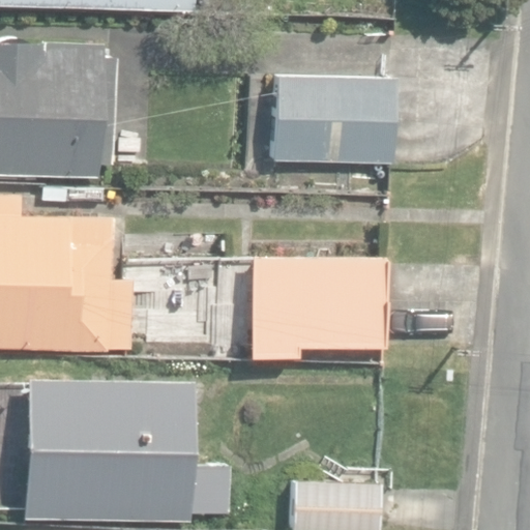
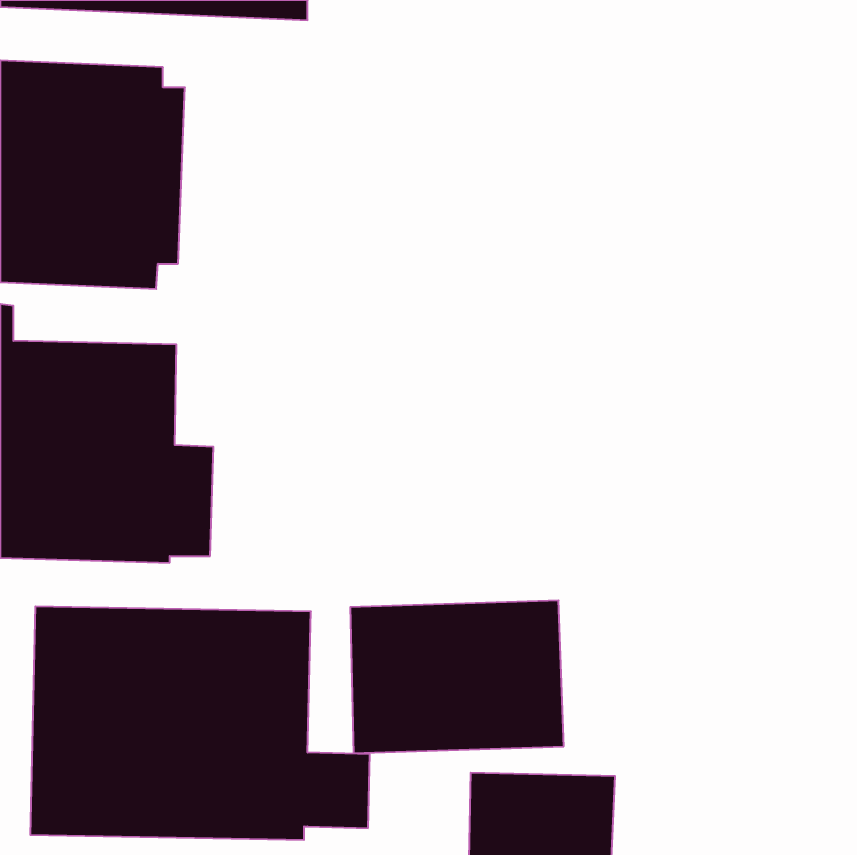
building: [274,84,389,168] -> none
building: [248,260,380,354] -> [350,600,564,753]

